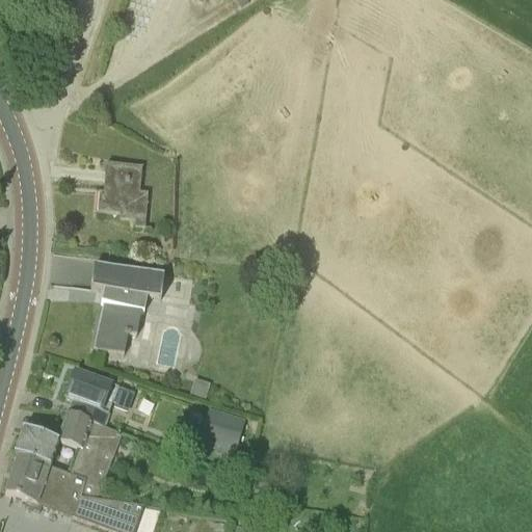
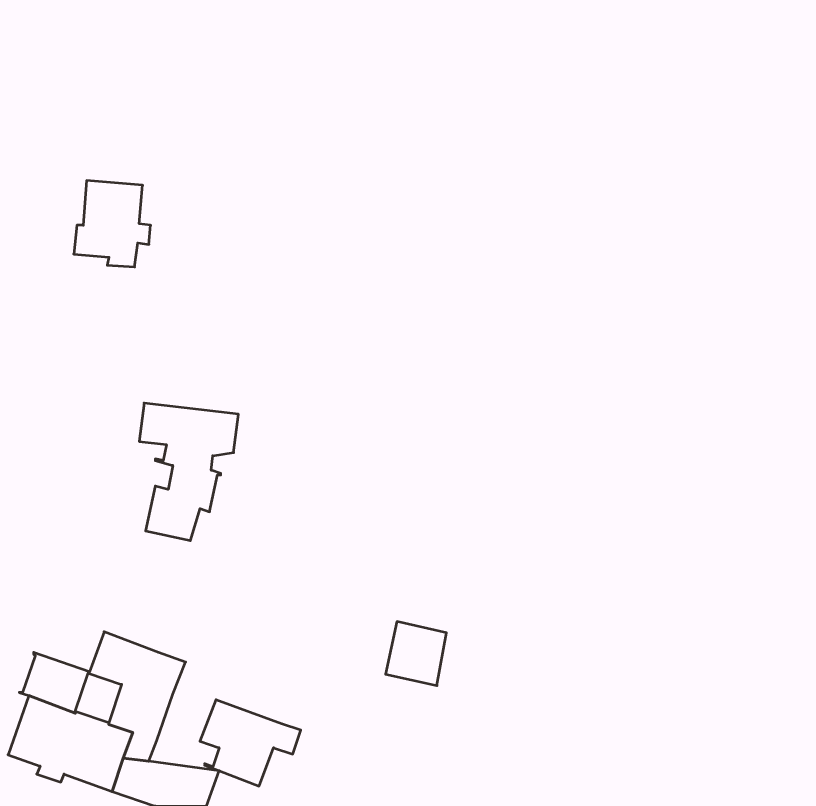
building: [98,160,148,216] -> [74,181,151,267]
building: [65,368,131,424] -> [200,700,301,786]
building: [205,410,244,452] -> [386,622,446,686]

